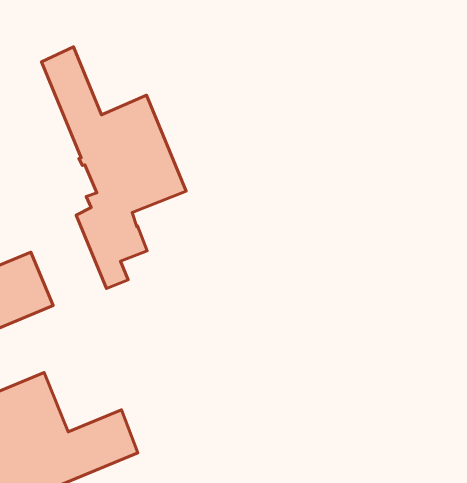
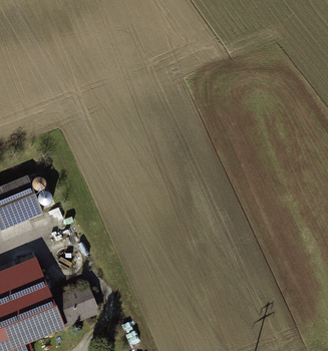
building: [42,47,186,288] -> none

